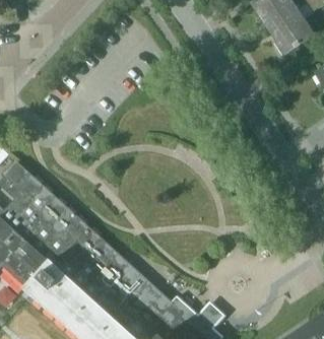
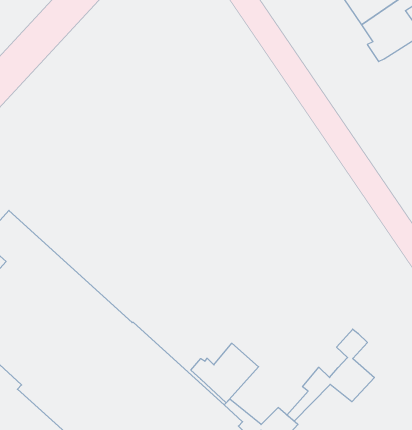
building: none -> [287,329,374,421]
building: none -> [191,343,259,403]

